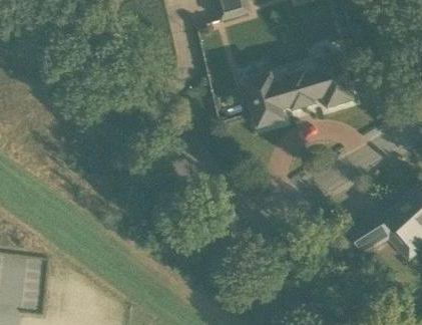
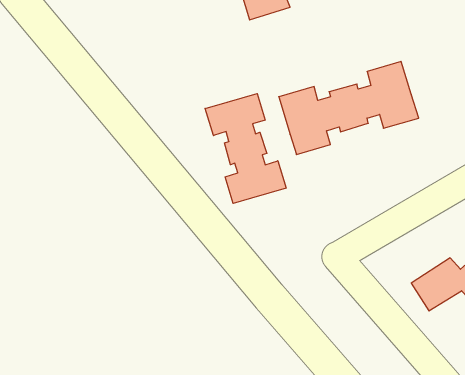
building: none -> [205,94,286,203]

